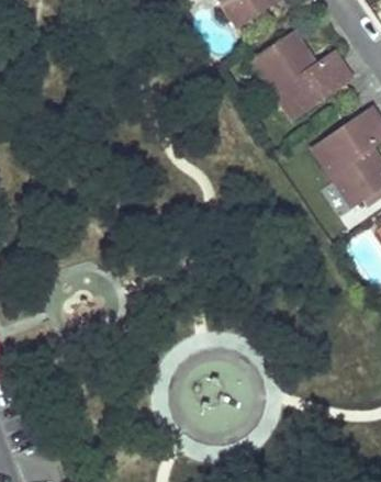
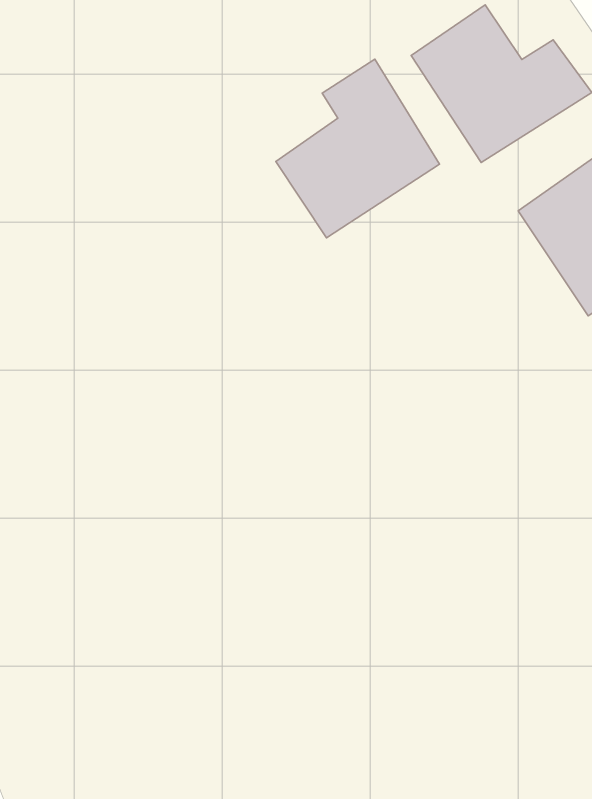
building: none -> [276,59,440,238]

